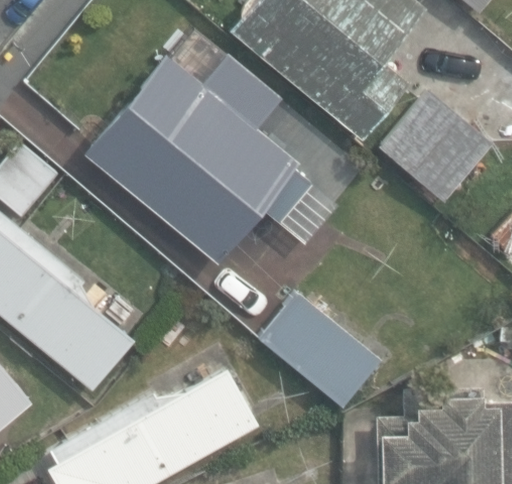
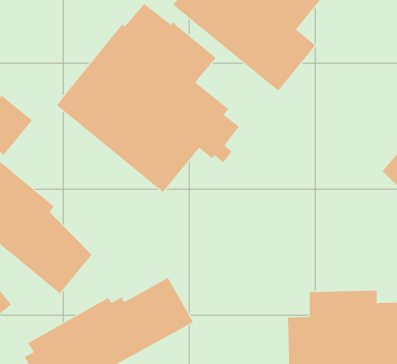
building: [379,88,495,203] -> none
building: [258,291,380,407] -> none

